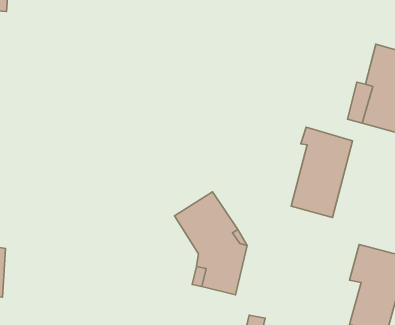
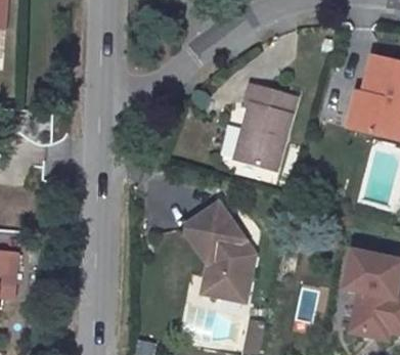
building: [291,127,352,218] -> [237,81,297,169]

